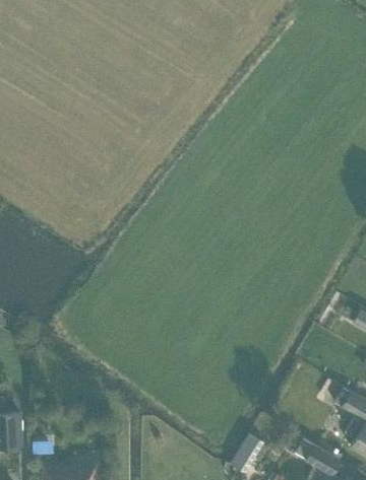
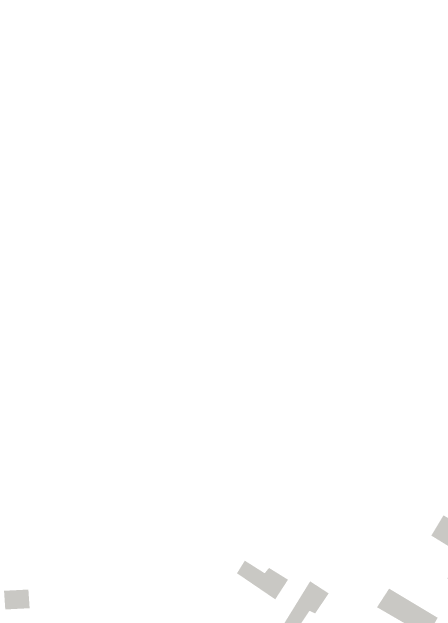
building: none -> [236,560,289,600]

